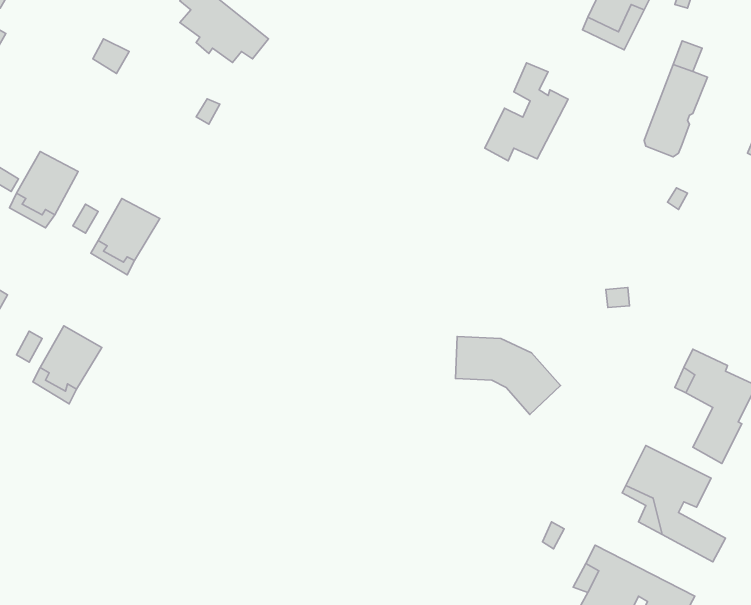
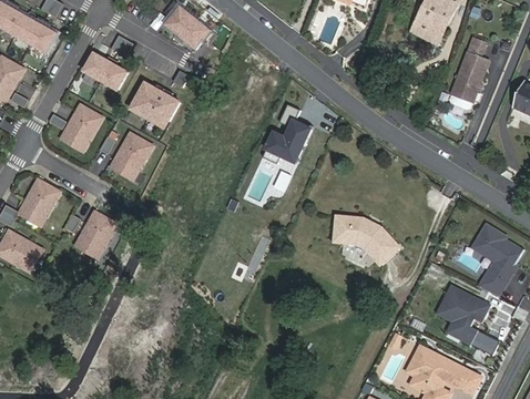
building: [485,63,568,161] -> [265,102,316,162]
building: none -> [85,54,130,91]
building: none -> [134,83,181,127]

